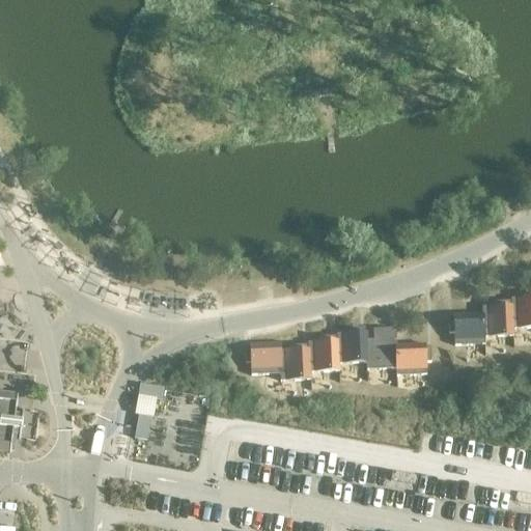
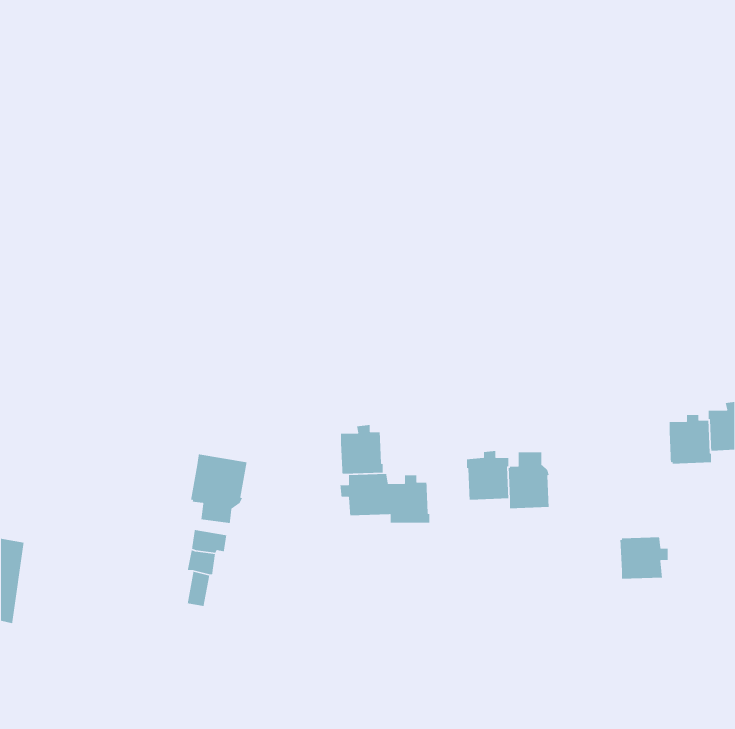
building: [449,311,484,342] -> none
building: none -> [190,453,247,524]
building: [308,333,339,370] -> [340,424,383,476]
building: [395,341,430,372] -> [620,536,668,580]

